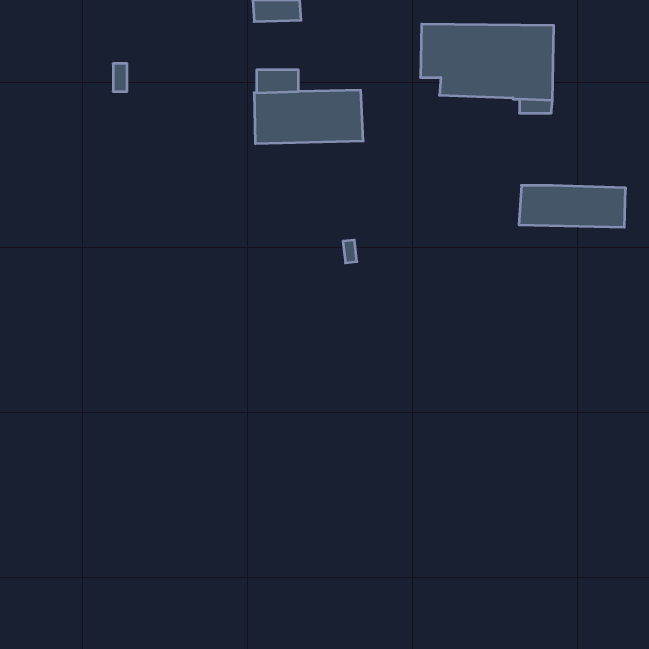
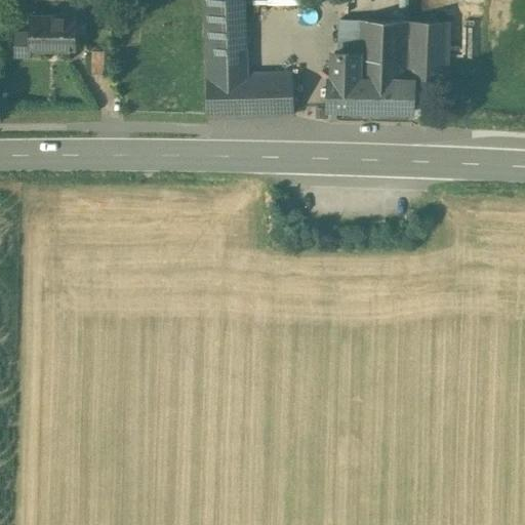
building: none -> [16,15,73,50]
building: none -> [205,16,244,56]
building: [519,185,626,227] -> [328,77,414,111]

